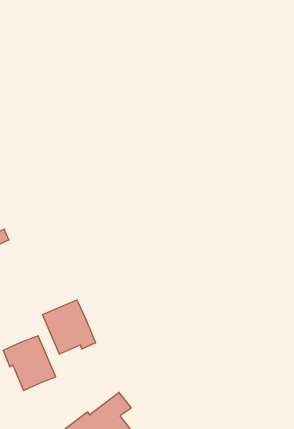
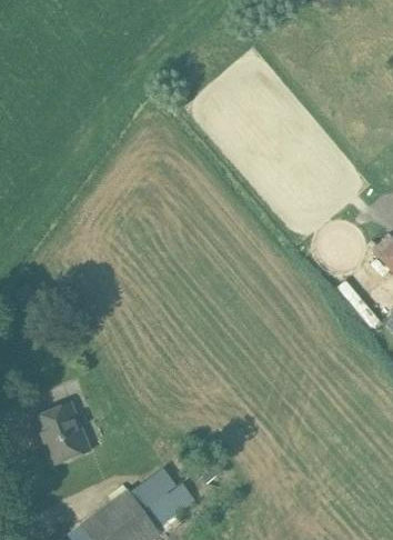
building: [42,300,96,354] -> none

